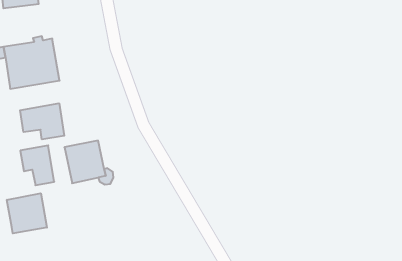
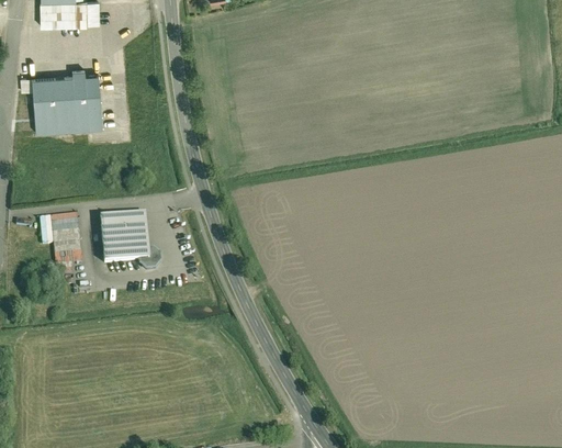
building: [20,103,64,139] -> none
building: [7,193,47,233] -> none

